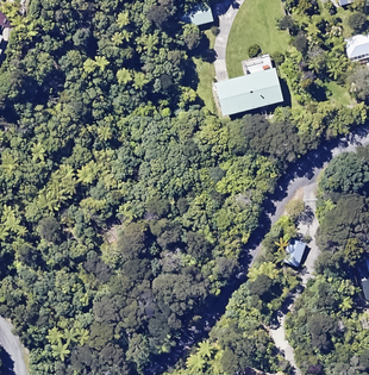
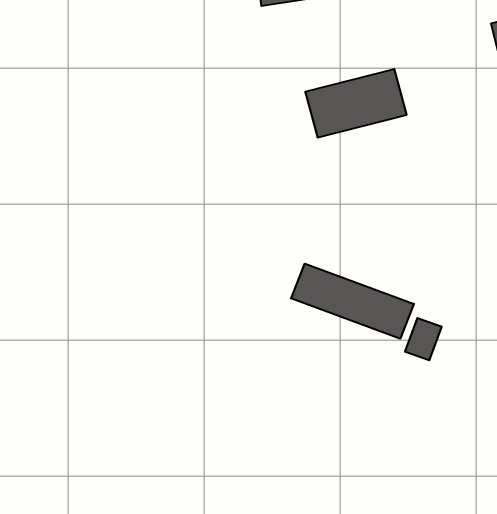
building: none -> [291,264,414,339]

